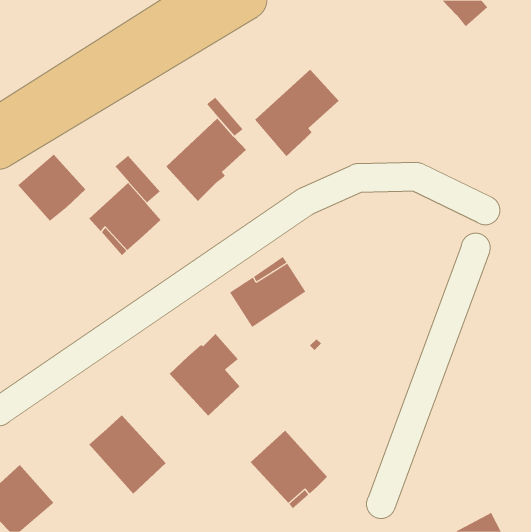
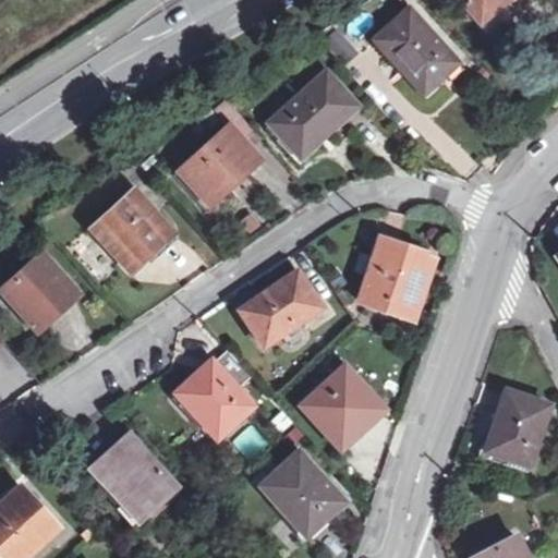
building: none -> [375,9,458,99]
building: [17,154,86,222] -> [4,255,76,326]
building: none -> [360,238,426,315]
building: none -> [304,366,381,438]
building: none -> [487,390,547,464]

